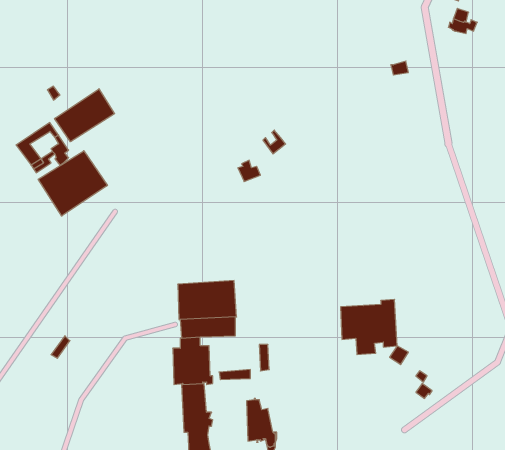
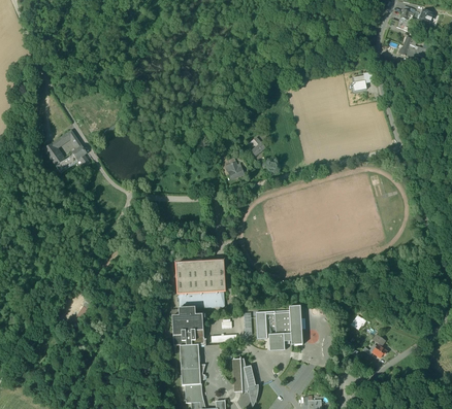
building: [55,89,115,142] -> none
building: [38,151,107,216] -> none
building: [341,299,397,355] -> [256,305,302,350]

